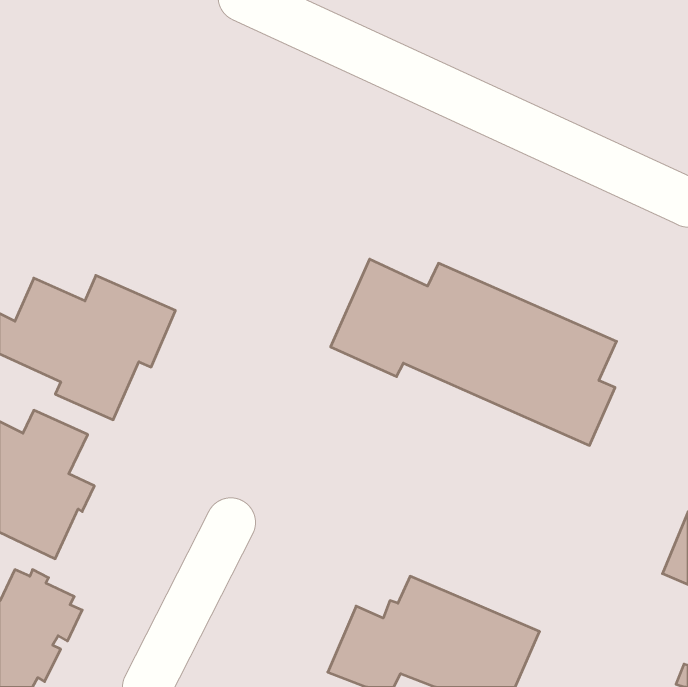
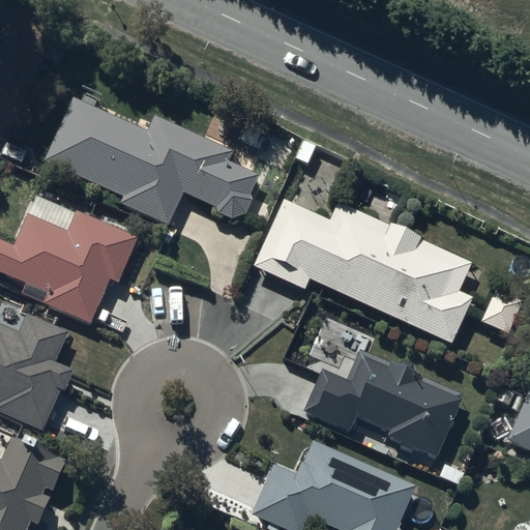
building: none -> [42,97,258,225]
building: none -> [307,353,464,460]

